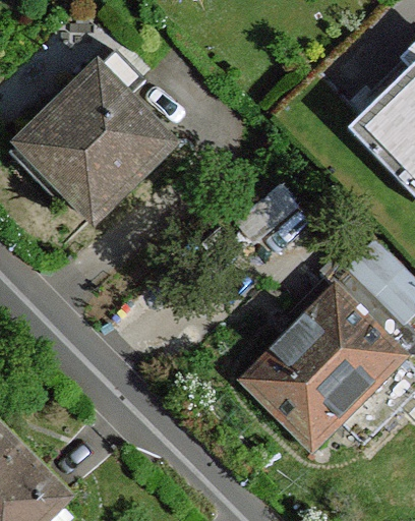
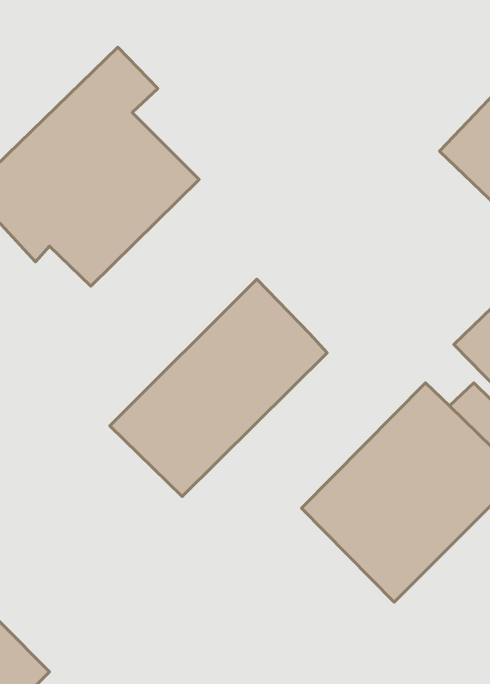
building: none -> [110,279,327,496]

